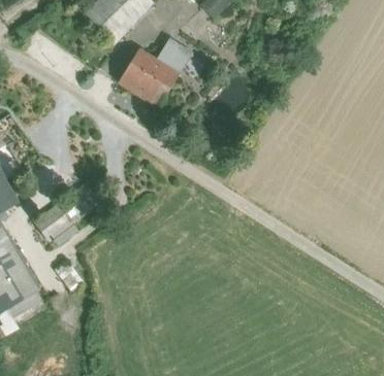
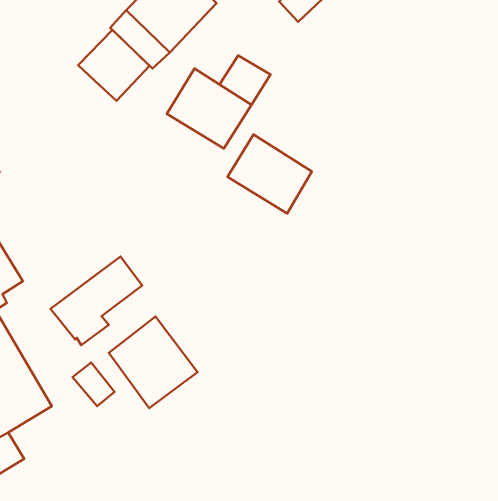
building: none -> [78,30,149,101]
building: none -> [227,135,312,214]
building: none -> [109,317,197,408]

